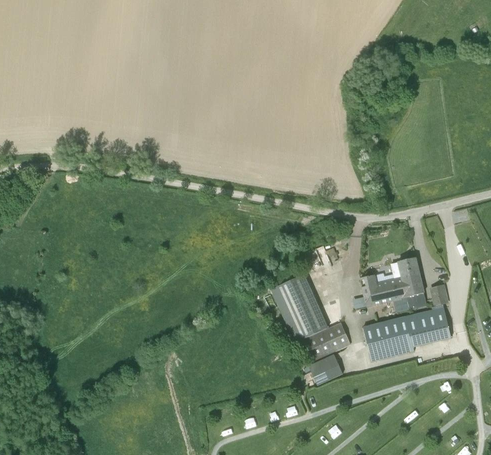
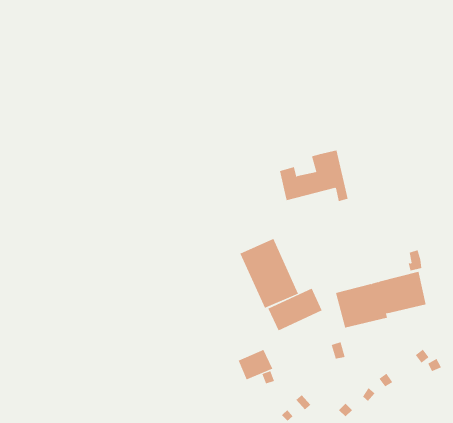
building: [360,257,427,307] -> [279,150,349,202]
building: [309,354,343,384] -> [238,349,273,380]

